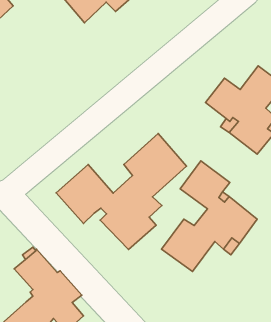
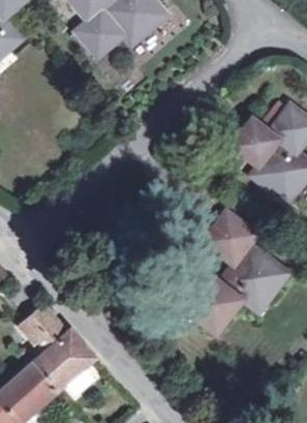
building: [56,134,187,250] -> none

